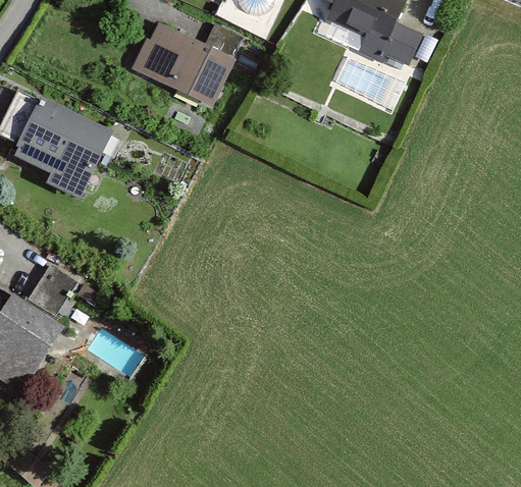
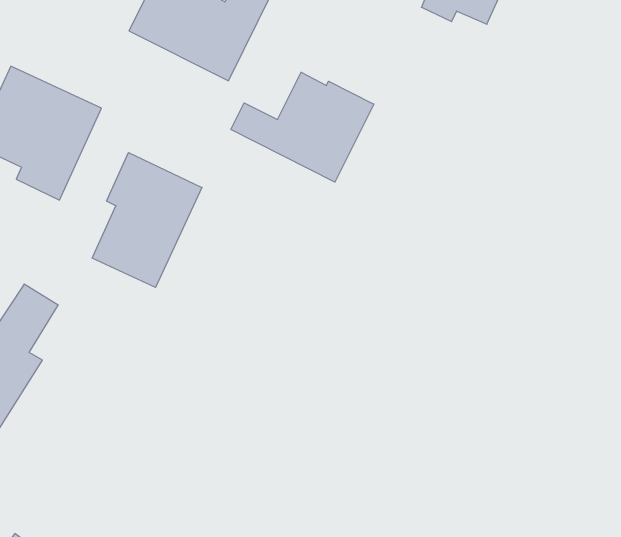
building: none -> [231,72,374,182]
building: none -> [92,153,202,287]

